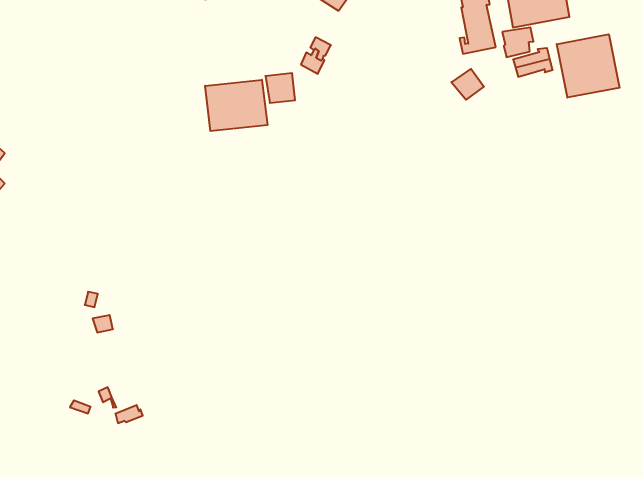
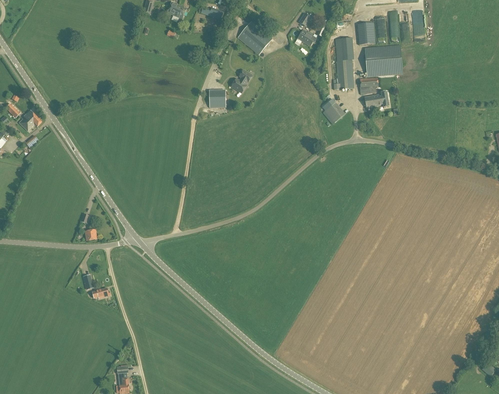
building: [557,34,620,98] -> none
building: [205,80,267,131] -> none

